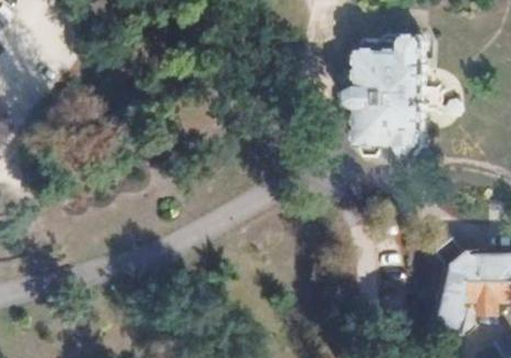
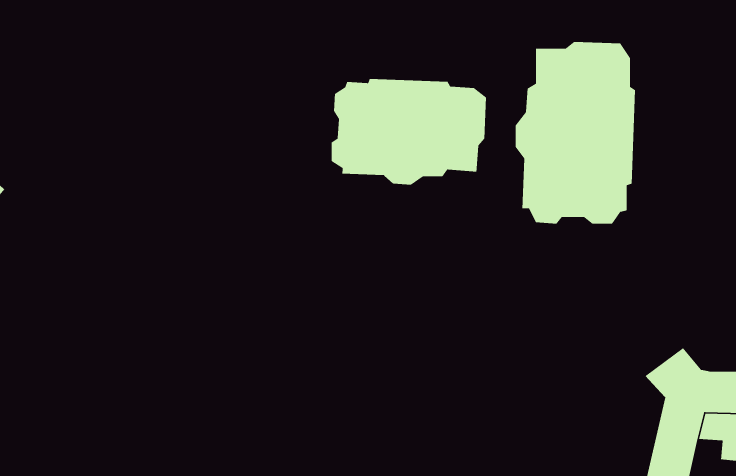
building: none -> [331,78,487,185]

